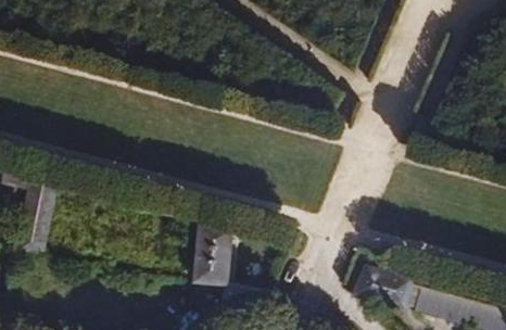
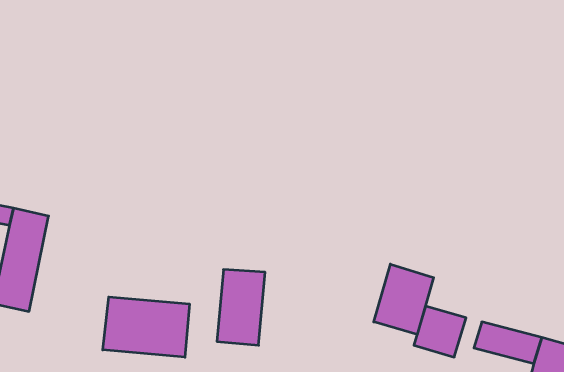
building: none -> [374,264,434,334]
building: none -> [103,297,189,357]

